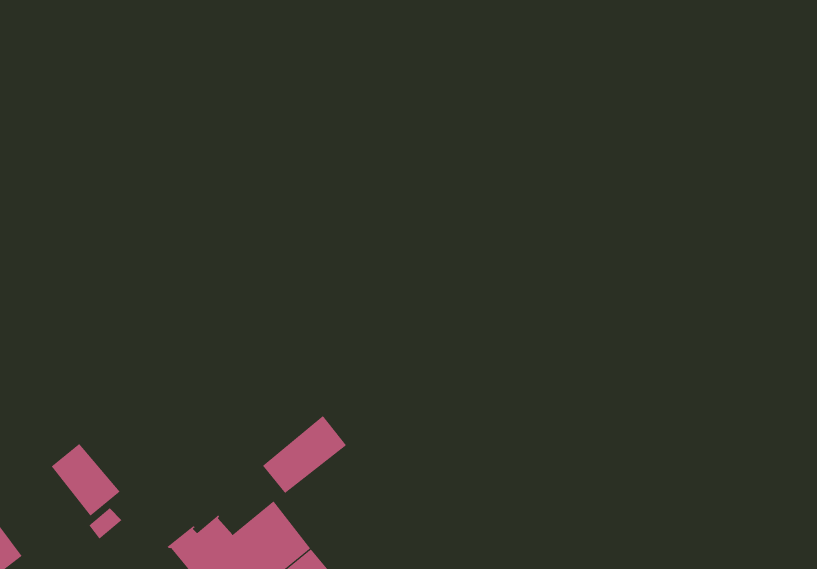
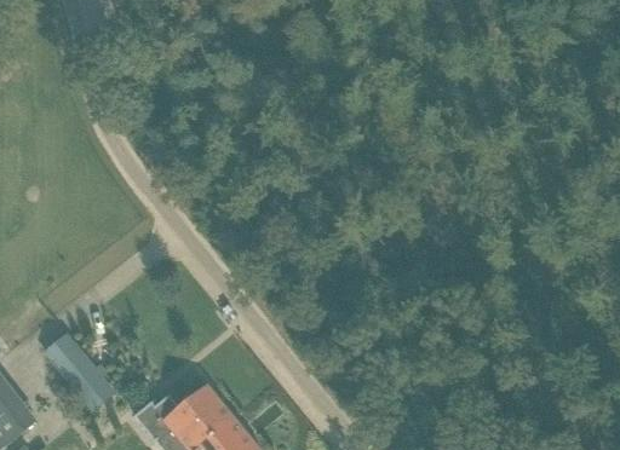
building: [262,415,347,494] -> none

